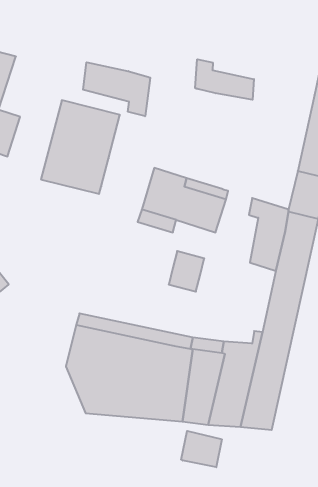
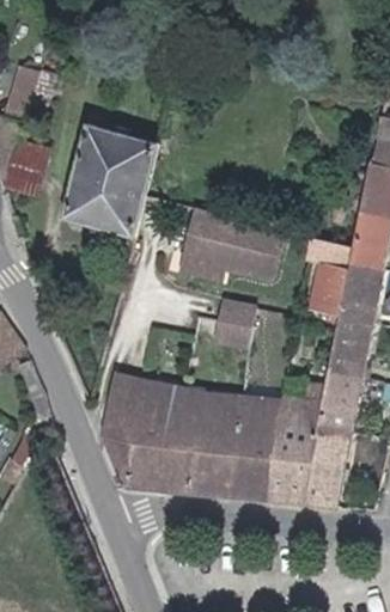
building: [195,59,254,100] -> none
building: [83,62,150,116] -> none
building: [181,431,222,467] -> none

